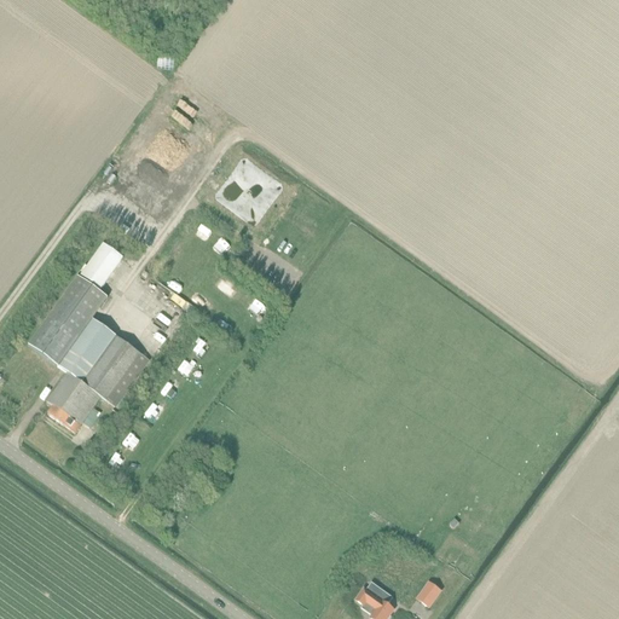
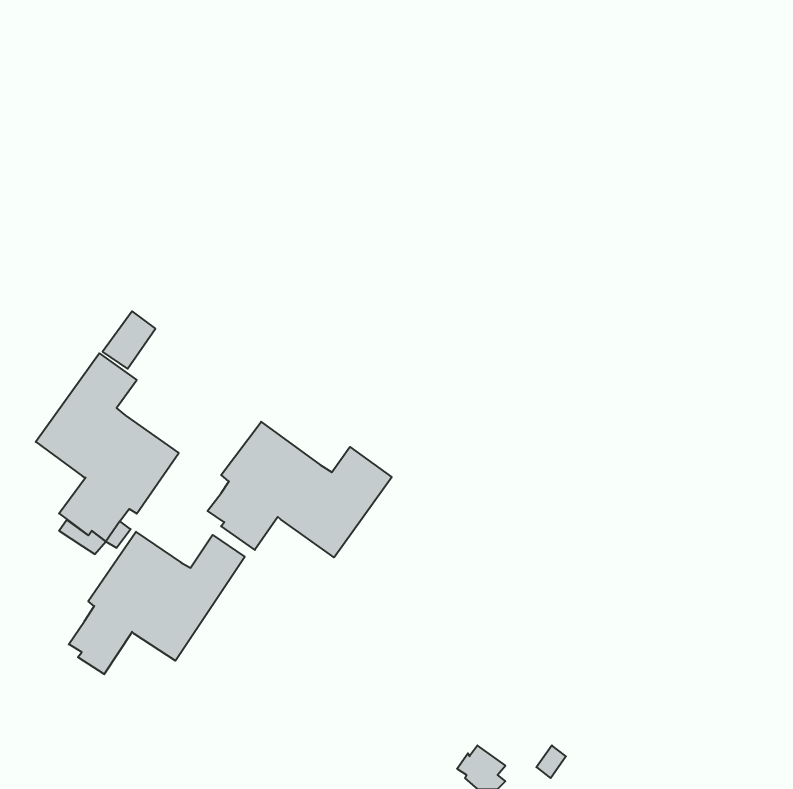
building: none -> [208,422,392,557]
building: none -> [69,532,245,674]

